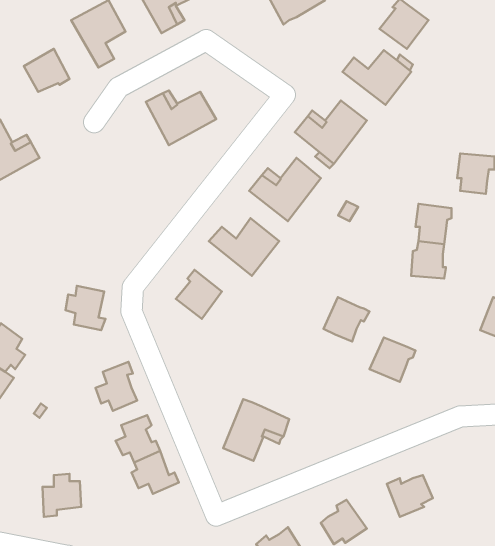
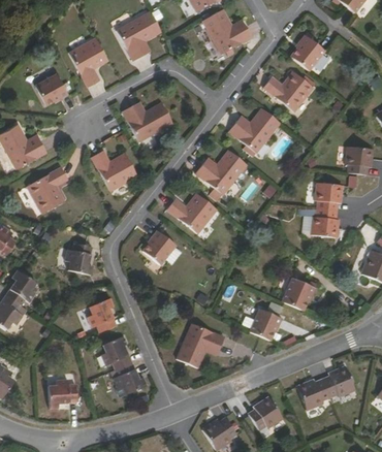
building: none -> [91,151,136,191]
building: none -> [27,167,67,213]
building: [324,297,370,342] -> [250,310,283,342]
building: none -> [321,366,353,395]

